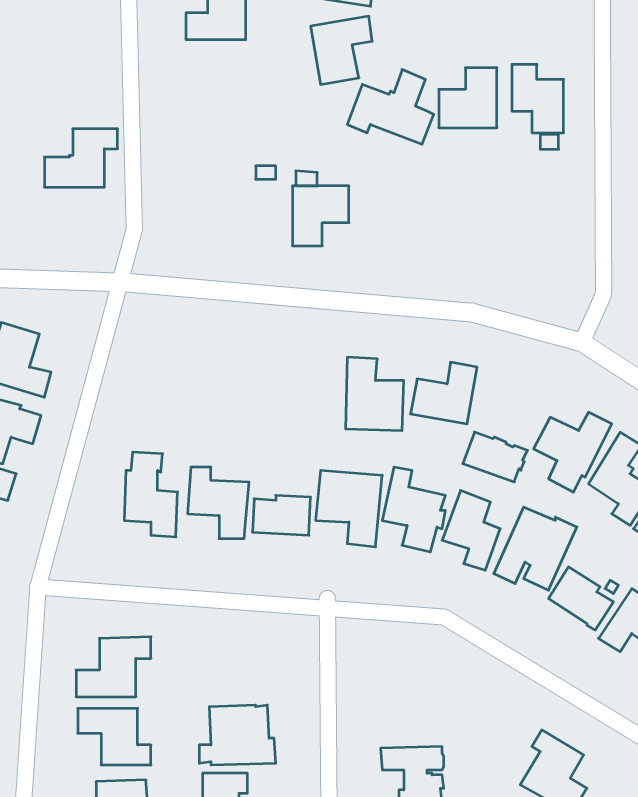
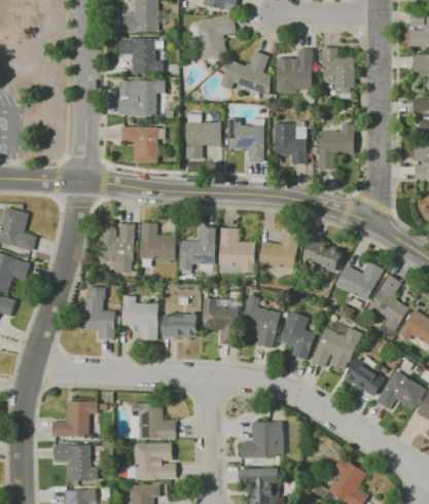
building: none -> [119,37,164,73]
building: [44,129,118,187] -> [119,80,165,116]
building: none -> [228,118,263,161]
building: none -> [275,121,306,163]
building: none -> [319,123,354,169]
building: none -> [121,125,165,161]
building: none -> [140,221,176,259]
building: none -> [98,222,135,264]
building: none -> [180,226,216,269]
building: [463,432,528,482] -> [301,241,342,272]
building: none -> [131,402,176,439]
building: none -> [240,422,282,458]

